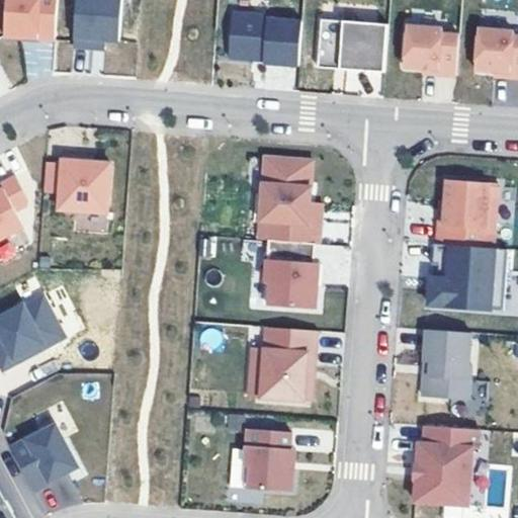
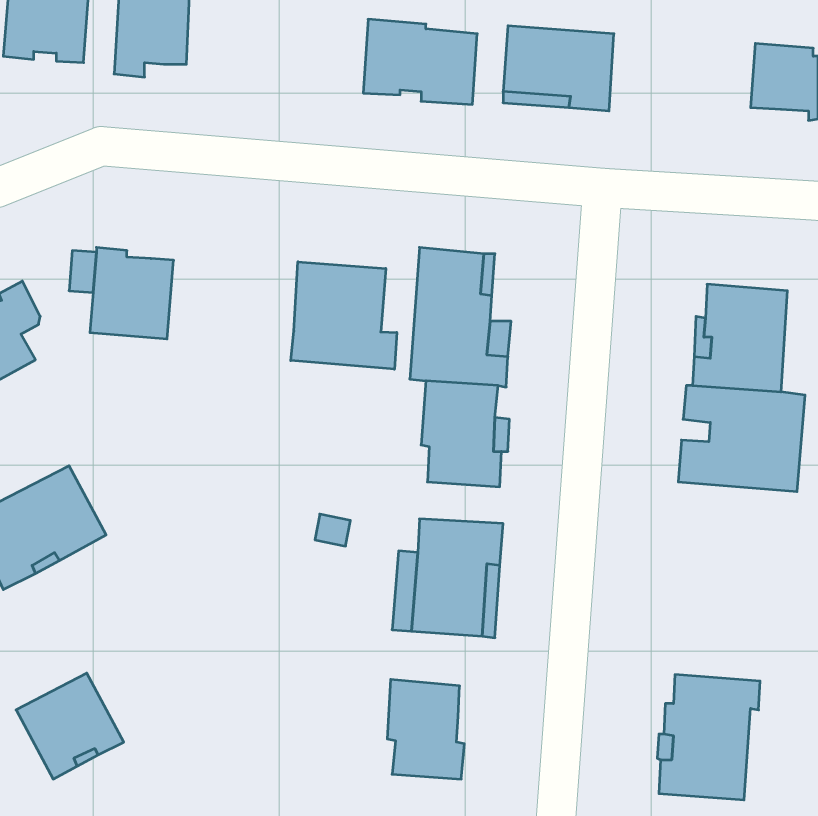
building: [402,25,457,75] -> none
building: none -> [291,262,397,369]
building: [422,329,470,399] -> none

